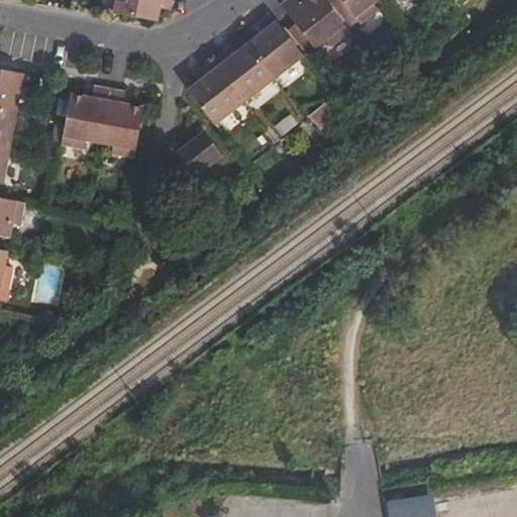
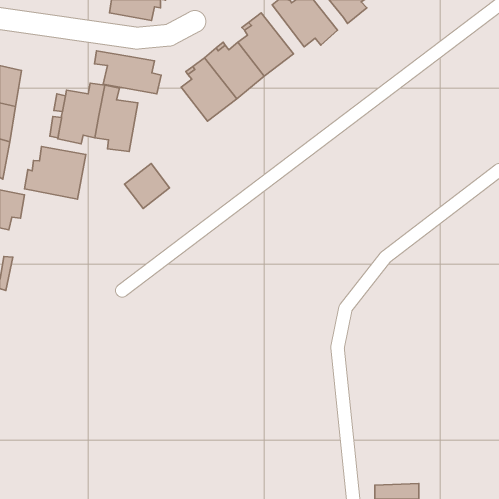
building: none -> [94,51,161,94]
building: [176,130,222,177] -> [125,164,170,209]
building: none -> [24,146,86,199]

